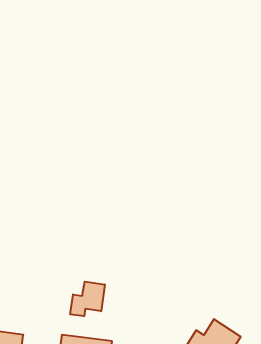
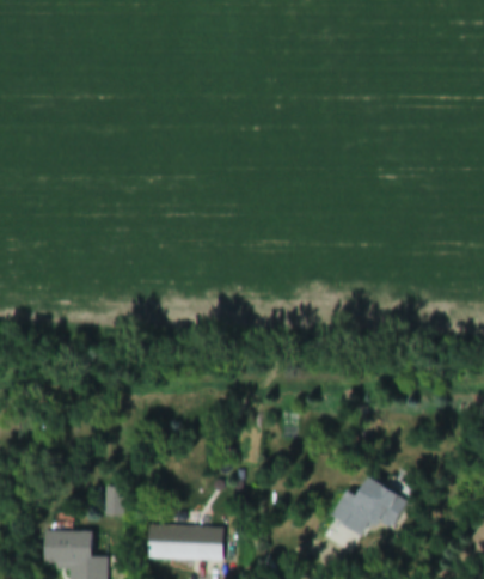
building: [70,282,105,316] -> none
building: none -> [105,487,123,516]

